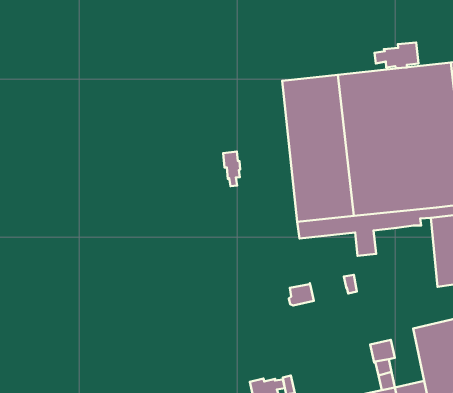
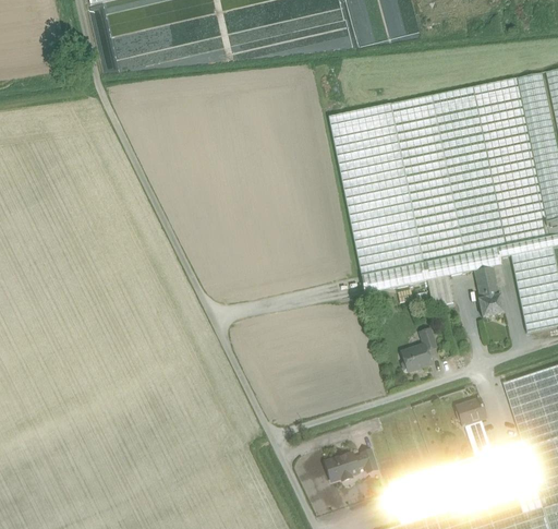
building: [375,43,419,68] -> none
building: [223,152,240,186] -> none
building: none -> [475,265,506,316]
building: [289,283,314,306] -> [403,342,432,370]

